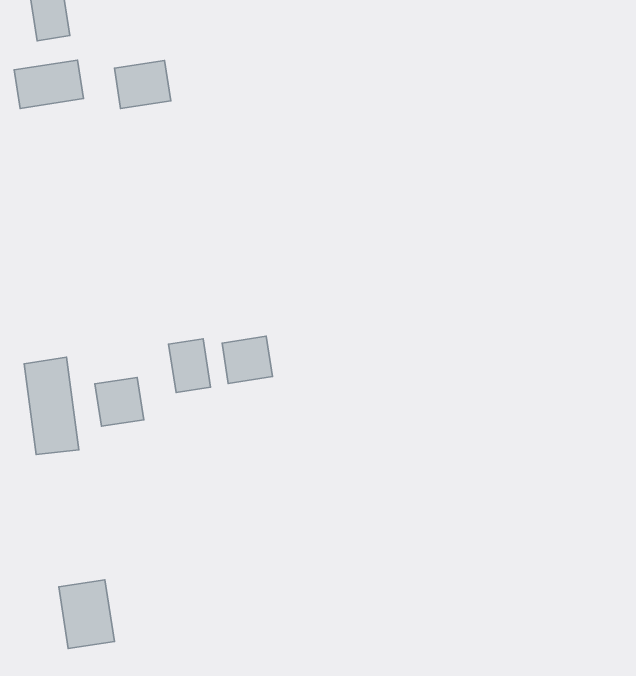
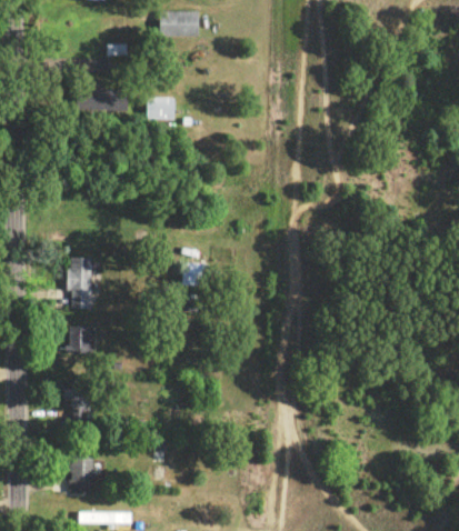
building: [169,339,211,393] -> none
building: [95,377,144,426] -> [69,327,93,351]

